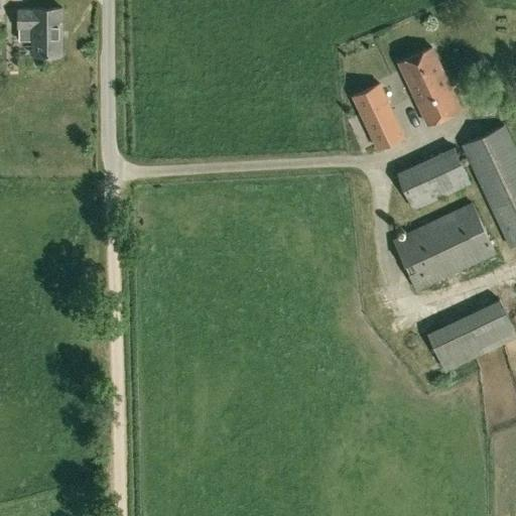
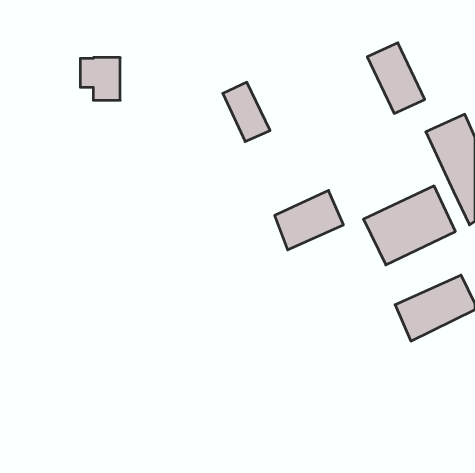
building: [18,9,61,55] -> [80,58,120,100]
building: [353,85,404,149] -> [223,82,270,142]
building: [397,145,472,210] -> [275,190,343,250]

